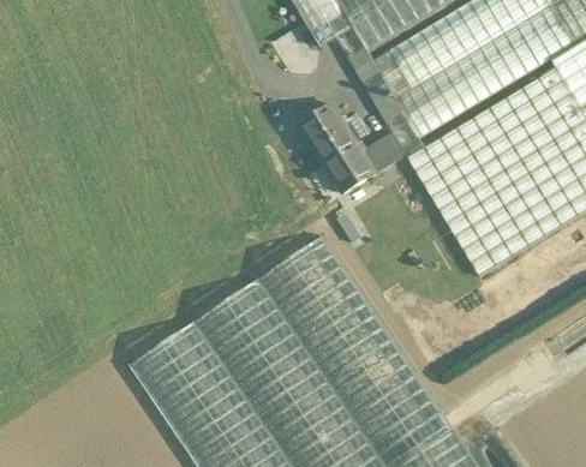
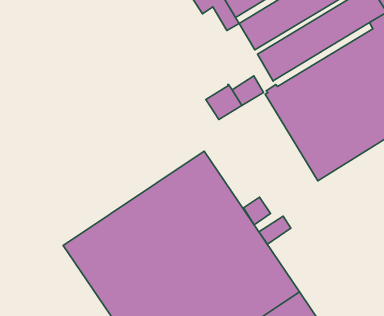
building: [355,61,423,156] -> none
building: [300,104,358,166] -> none
building: none -> [244,197,271,225]
building: none -> [259,216,291,244]

